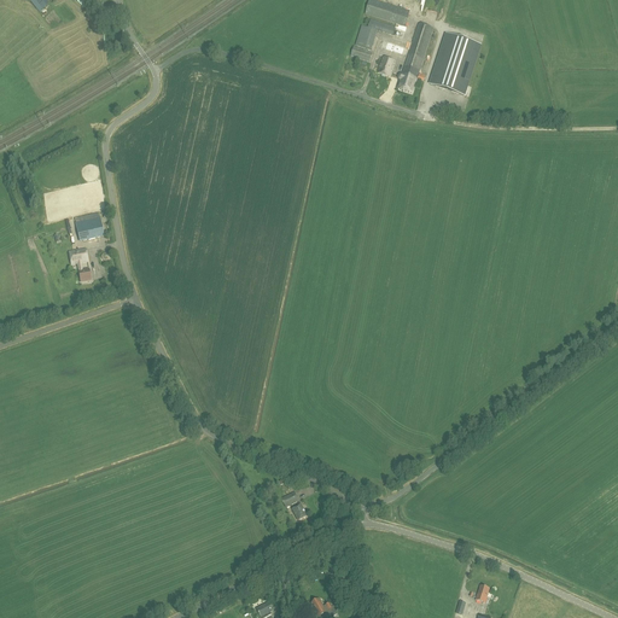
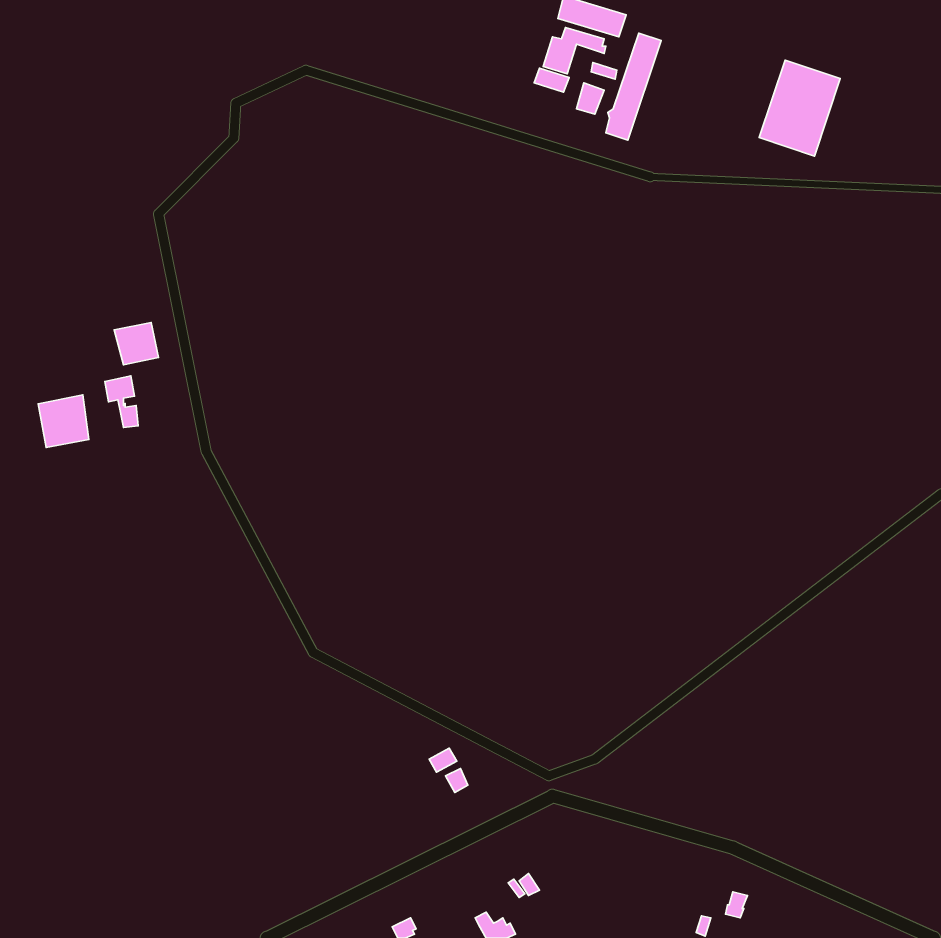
building: [428,31,482,94] -> [759,60,840,156]
building: none -> [38,395,89,447]

